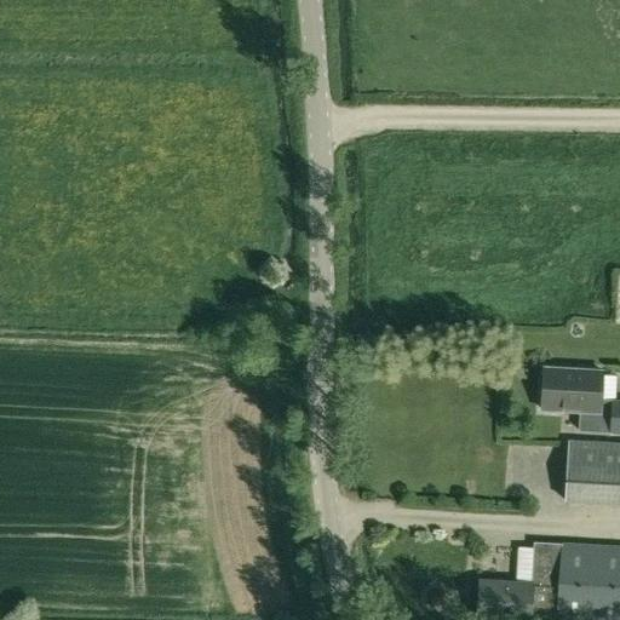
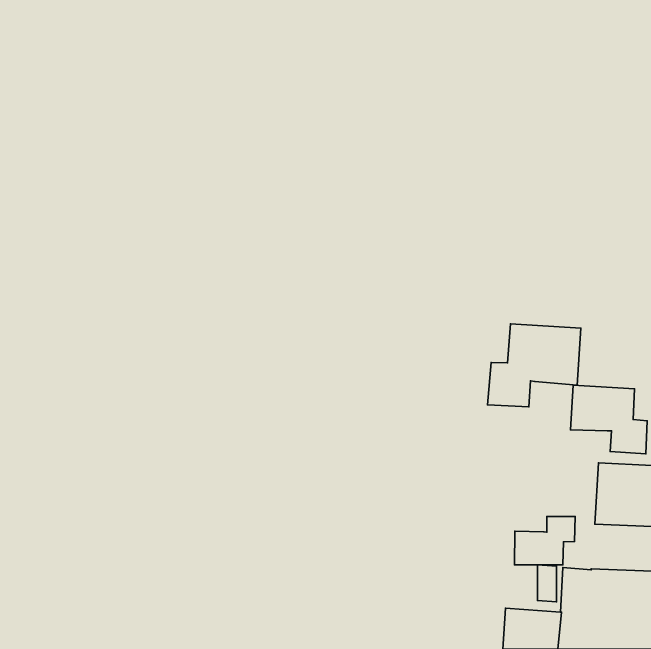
building: none -> [488,324,581,407]
building: none -> [515,516,575,565]

